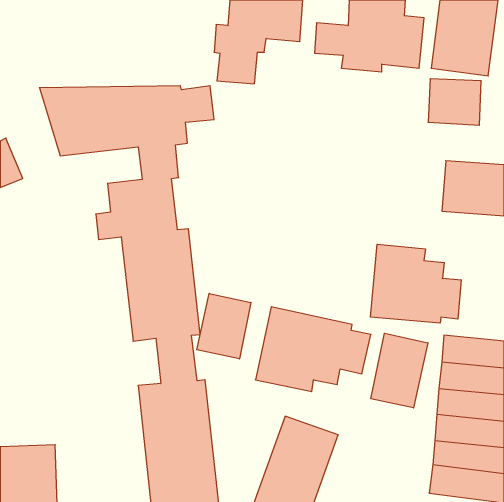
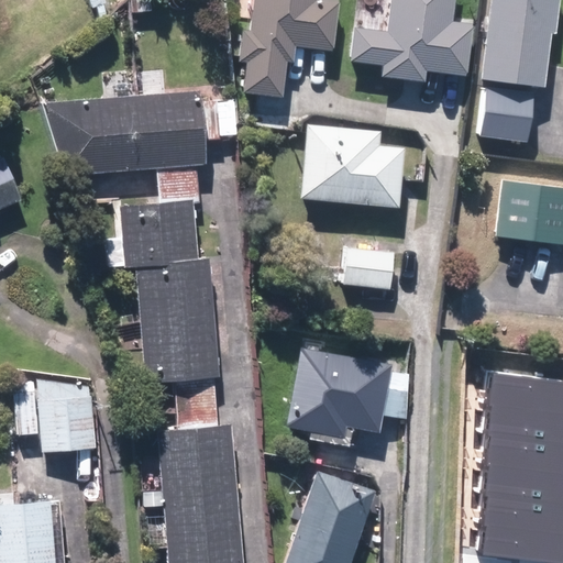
building: none -> [300,123,405,207]
building: none -> [343,244,396,289]
building: [371,244,461,323] -> none
building: [197,293,251,359] -> none
building: [371,333,428,408] -> none
building: none -> [13,380,95,453]

